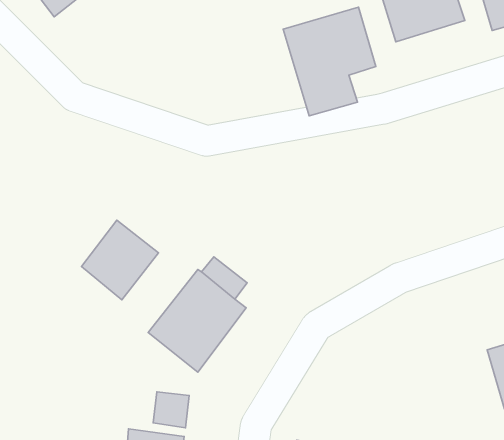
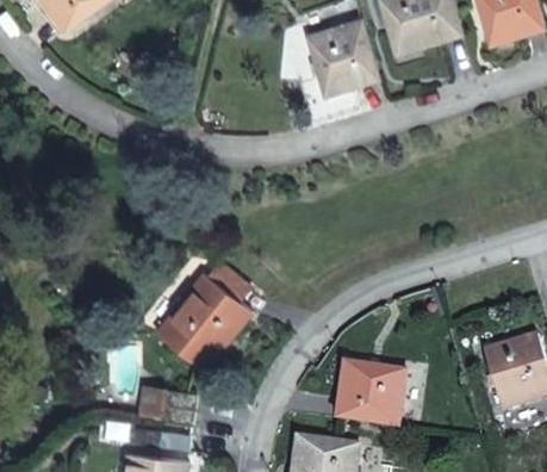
building: [81,220,159,300] -> none
building: none -> [338,362,405,426]

